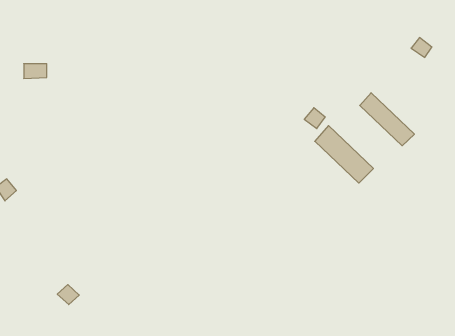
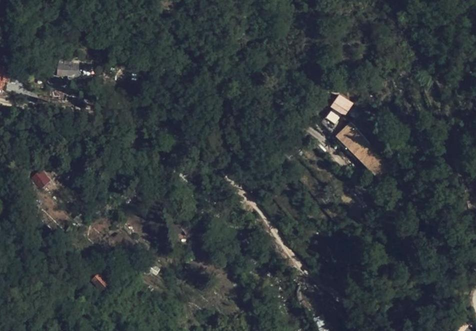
building: [360,93,414,146] -> none

